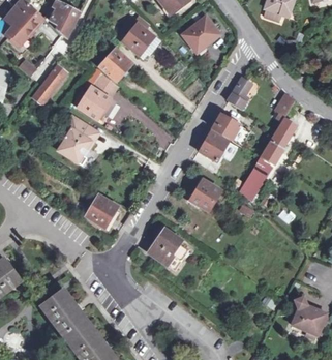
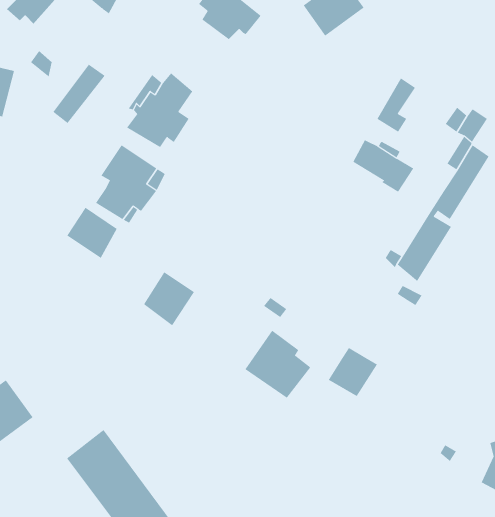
building: [98,48,131,80] -> none
building: [199,131,228,161] -> none
building: none -> [67,207,118,259]
building: [191,179,221,209] -> [328,347,378,397]

